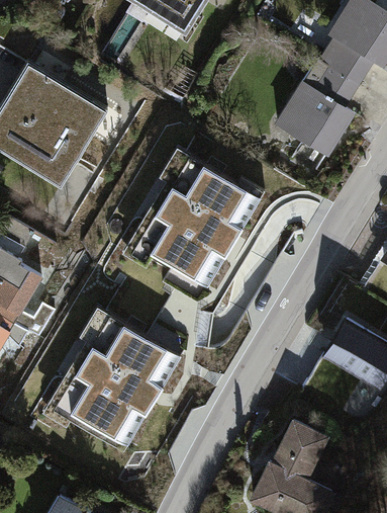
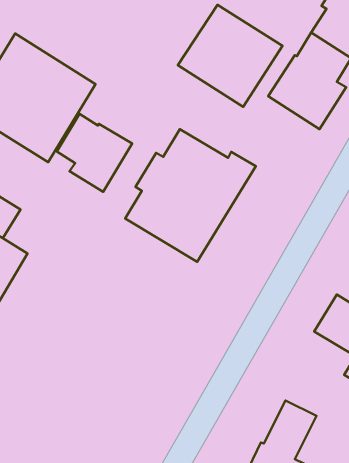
building: none -> [178,5,282,107]
building: none -> [57,114,132,192]
building: [56,315,180,452] -> none

